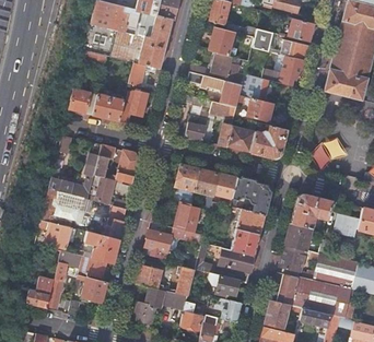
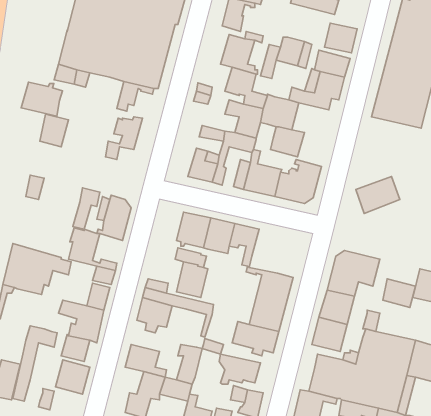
building: [93,95,125,121] -> [21,82,62,116]
building: [49,154,101,199] -> none
building: [233,177,271,214] -> none
building: [48,223,73,249] -> none

